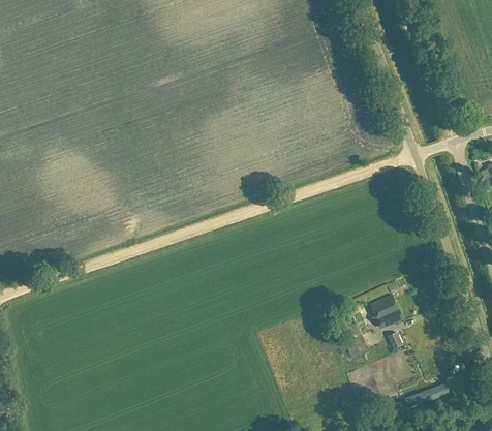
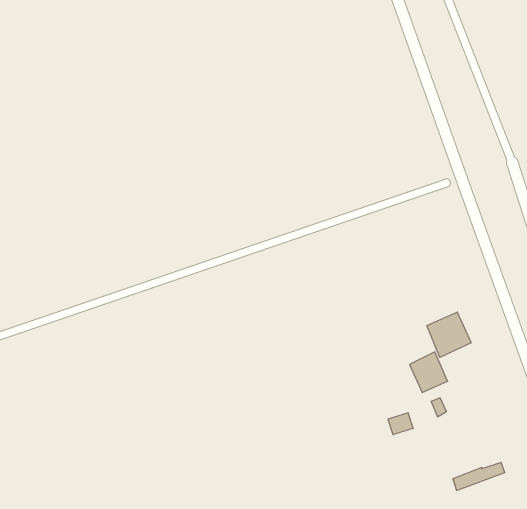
building: none -> [427,312,471,357]

